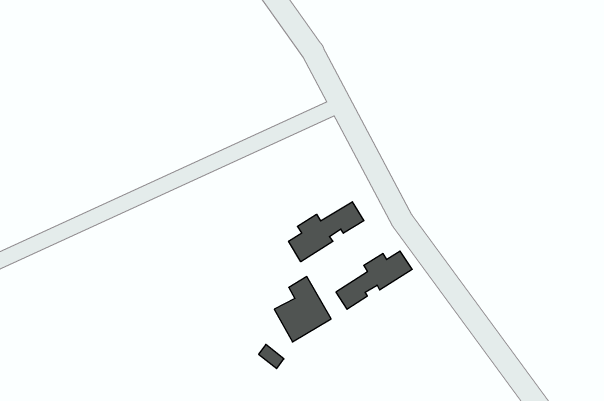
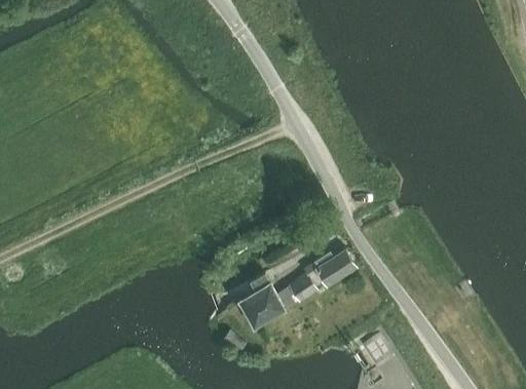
building: [289,202,364,262] -> none

